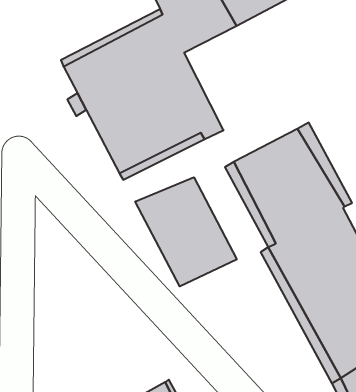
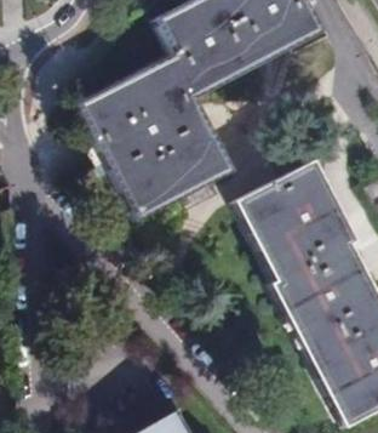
building: [135,177,237,286] -> none

